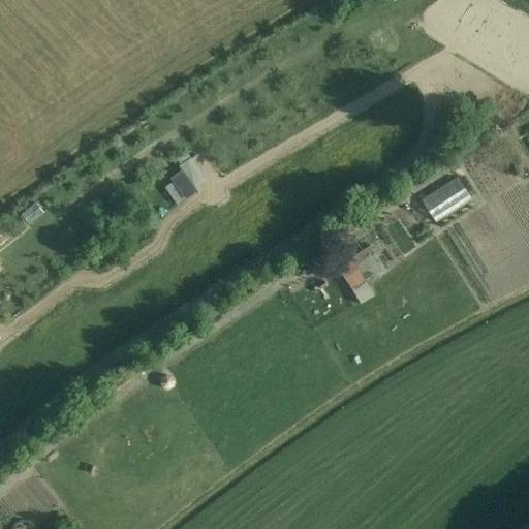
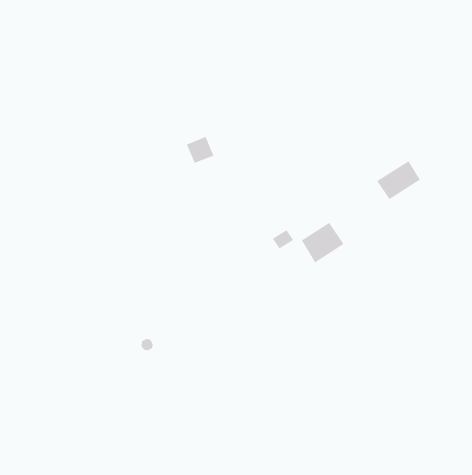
building: [172,162,204,193] -> [186,136,215,164]

